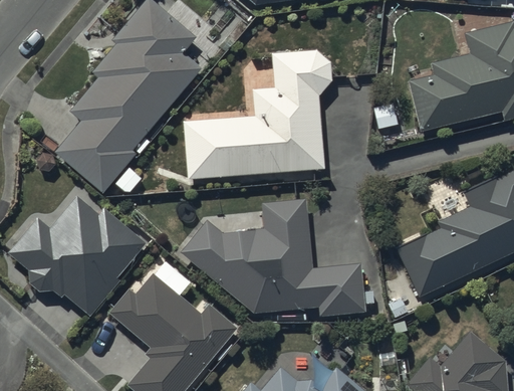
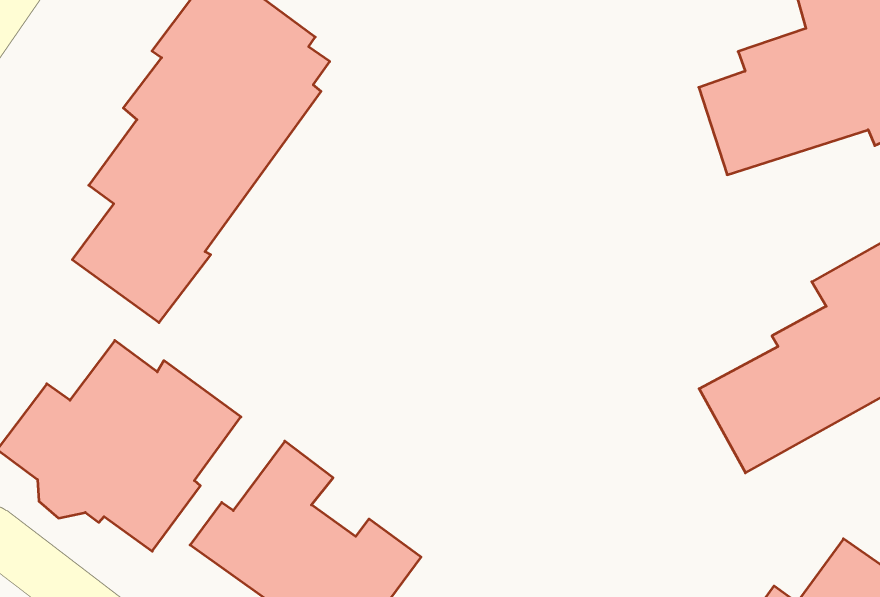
building: [182,49,332,181] -> none
building: [182,200,365,316] -> none

